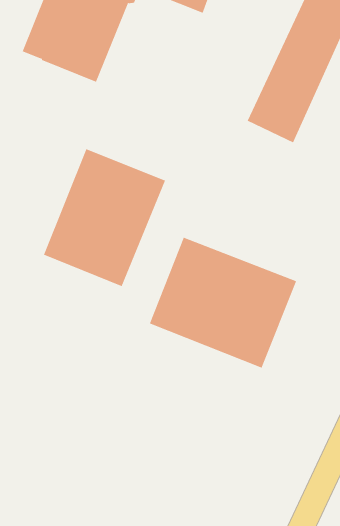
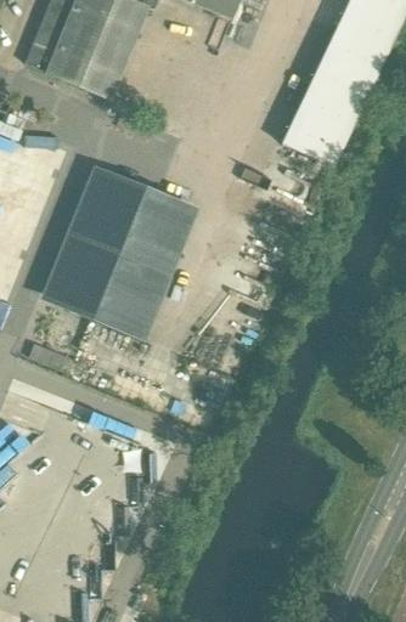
building: [149,237,297,369] -> none

